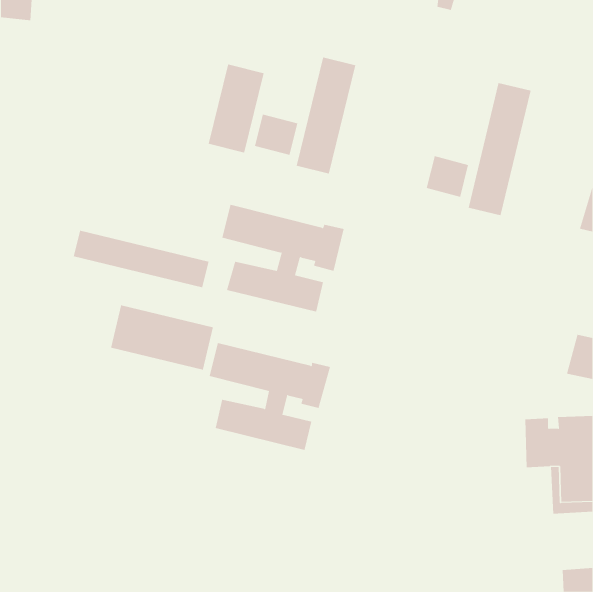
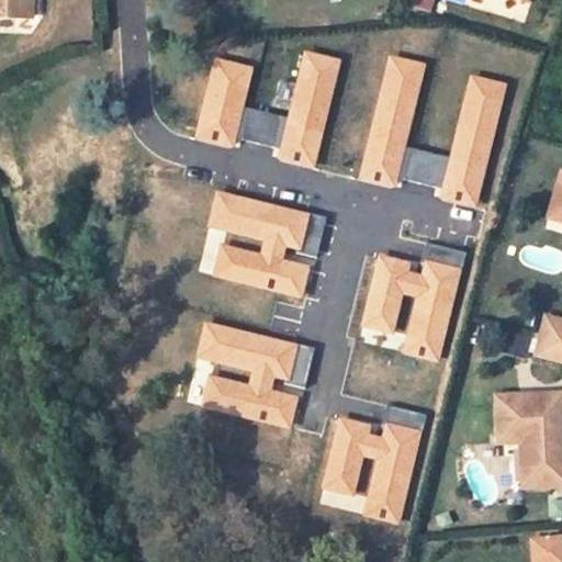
building: none -> [361,58,423,184]
building: [73,230,209,288] -> none
building: none -> [363,241,467,359]
building: [111,304,213,371] -> none
building: none -> [324,404,426,521]

